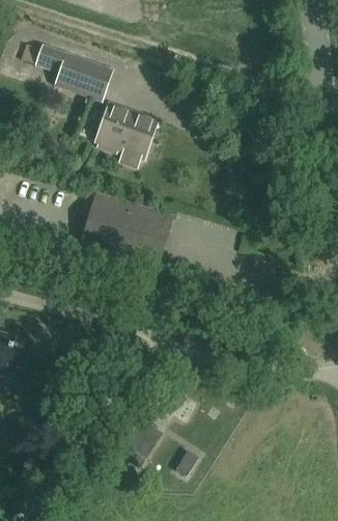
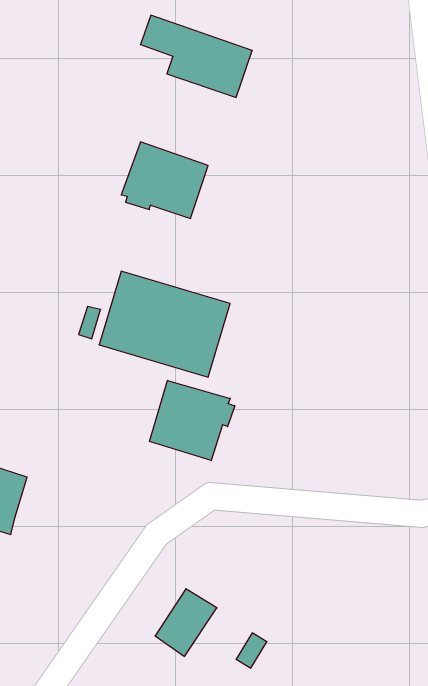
building: [34,43,113,101] -> [140,15,252,97]
building: none -> [149,380,235,461]

